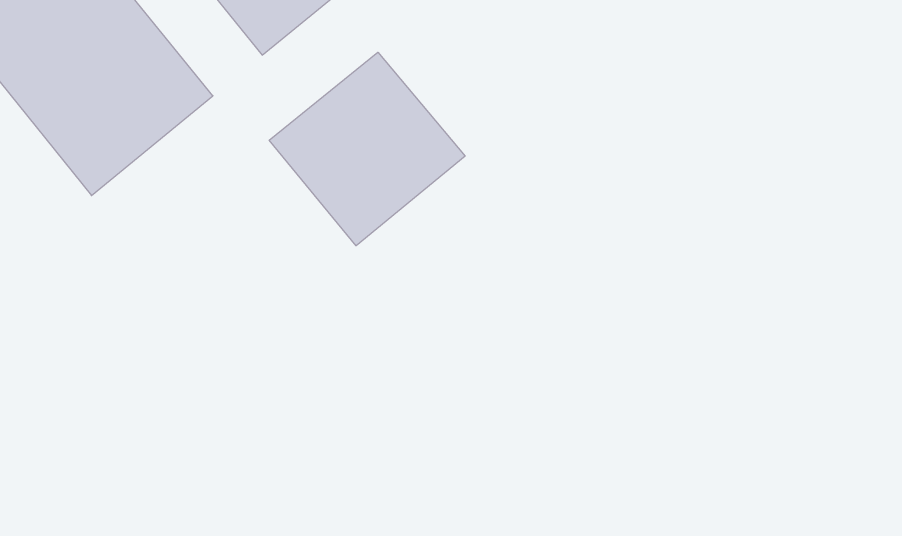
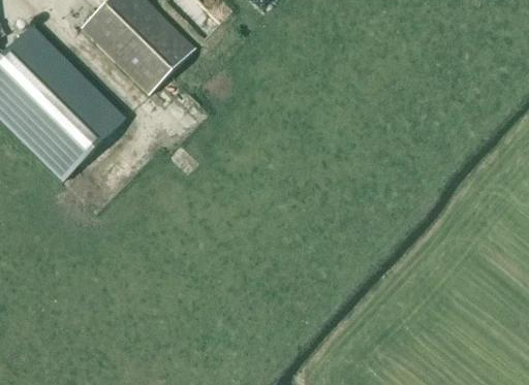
building: [269,52,465,246] -> none

